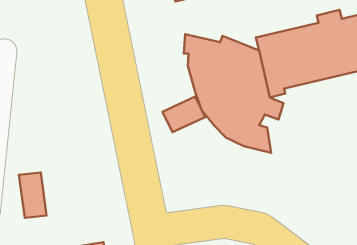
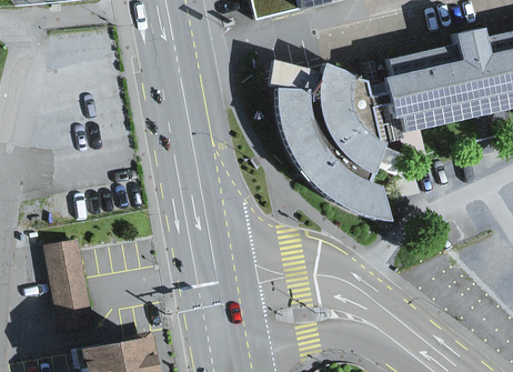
building: [163,97,205,132] -> none

